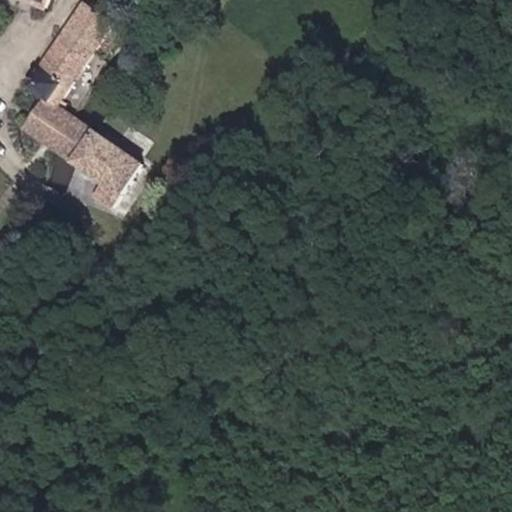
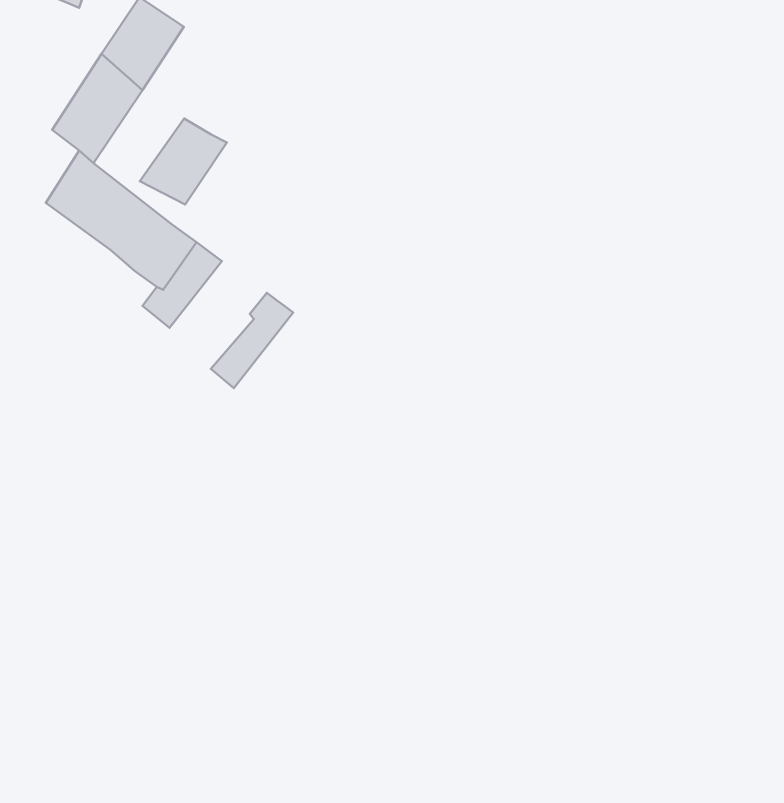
building: none -> [140,119,227,204]
building: none -> [211,293,293,388]

